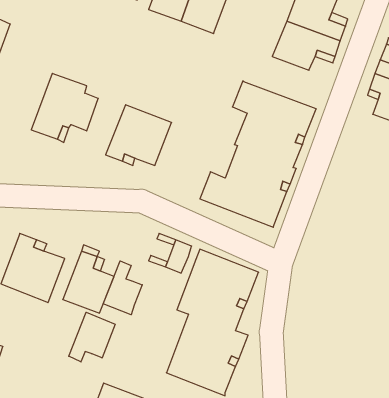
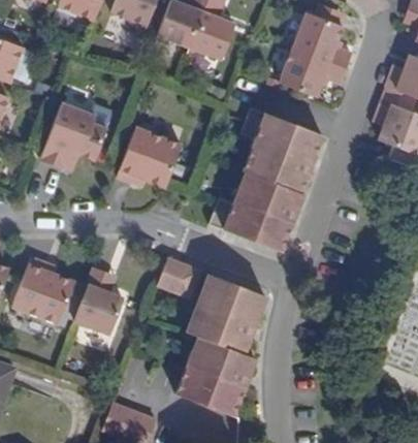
building: [103,261,142,315] -> none
building: [69,312,115,362] -> none

